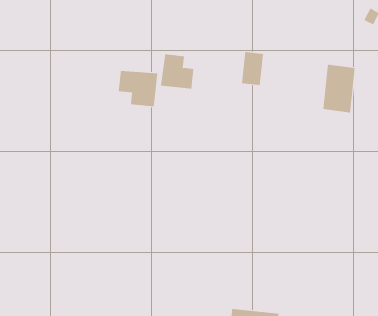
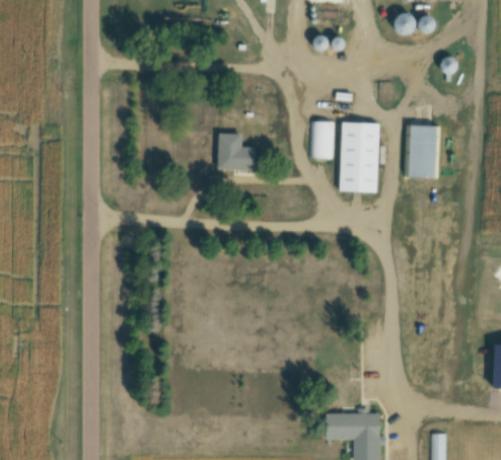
building: none -> [340,123,379,193]
building: [118,70,158,107] -> none

